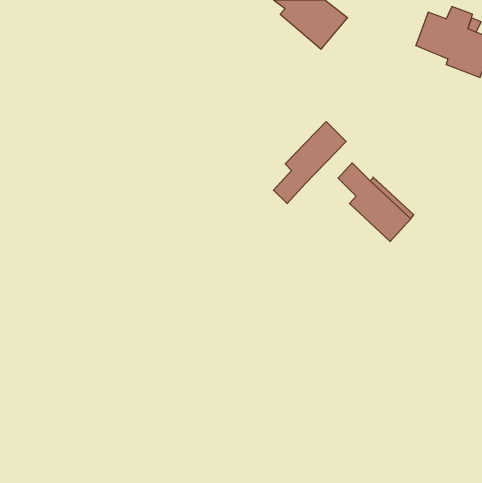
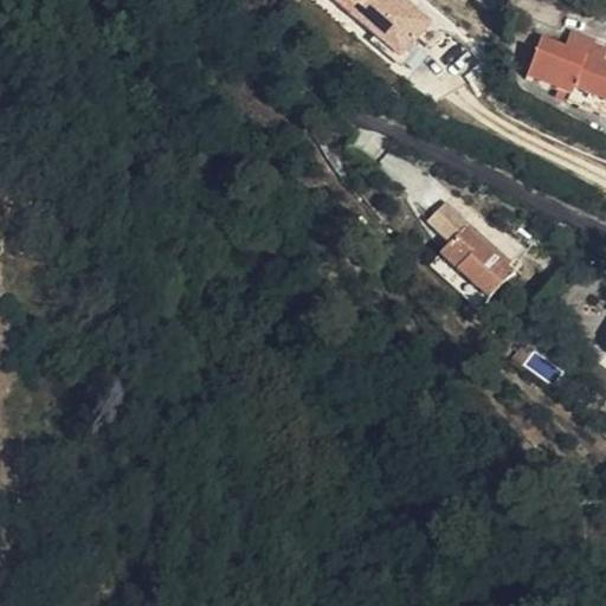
building: [273,122,346,204] -> none

